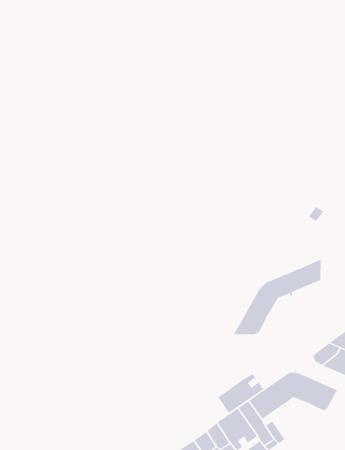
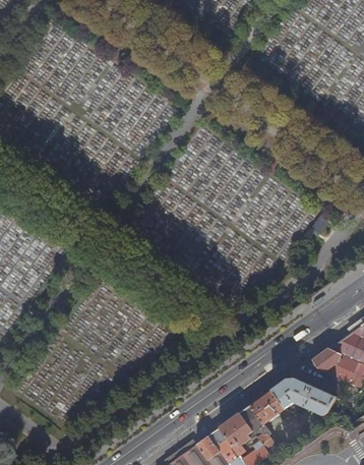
building: [233,259,321,335] -> none
building: [217,373,264,414] -> none

